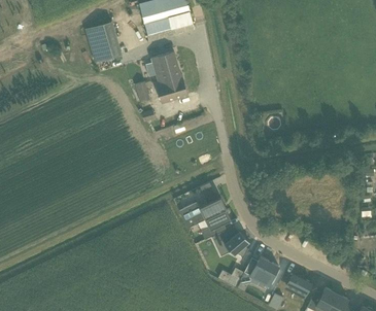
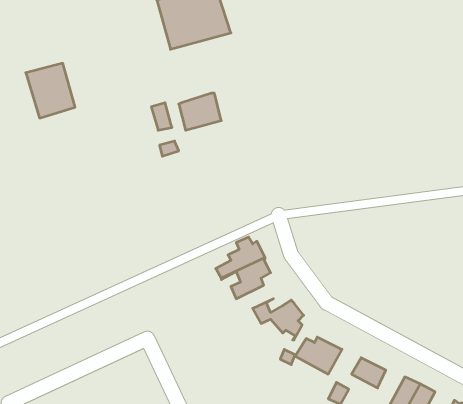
building: [83,21,121,62] -> [26,63,75,118]
building: [144,50,179,81] -> none

